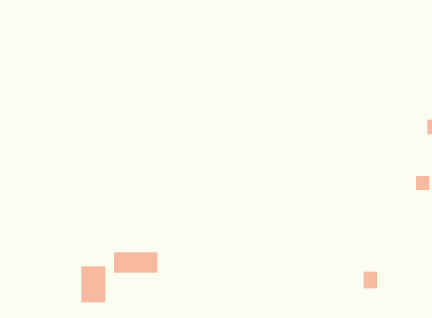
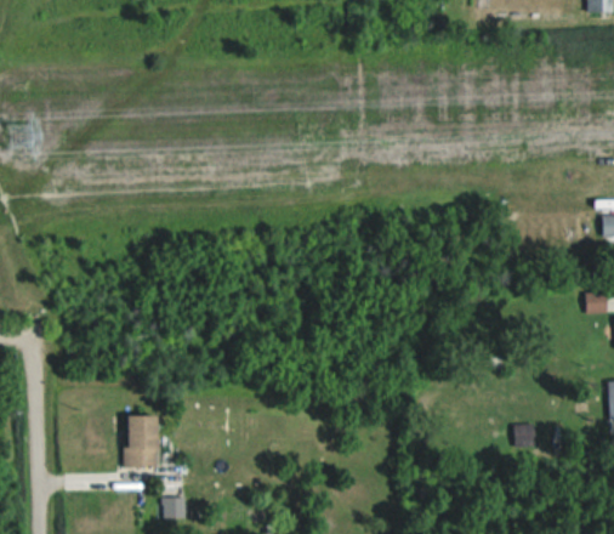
building: [113,252,158,273] -> none

